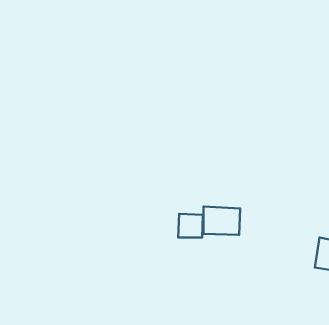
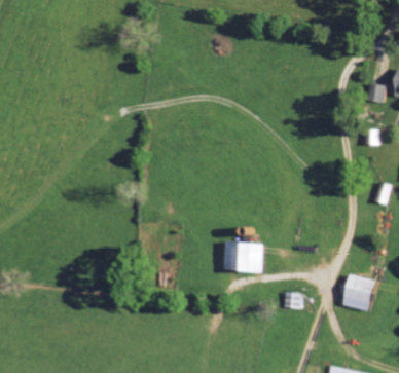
building: [178,214,203,238] -> none

